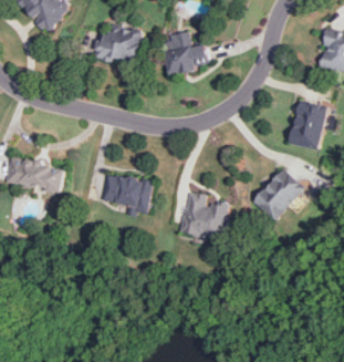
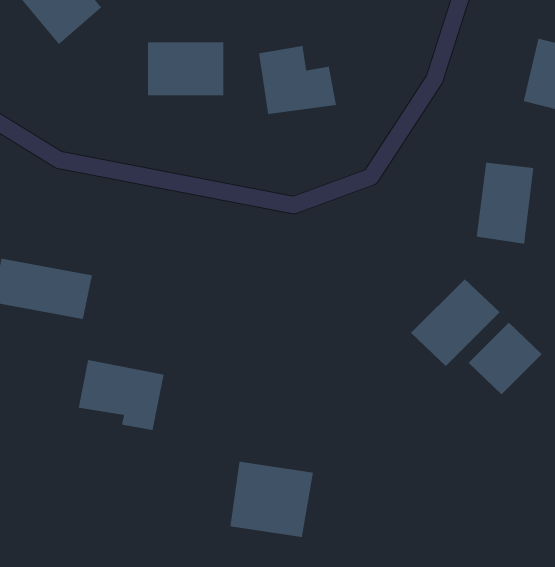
building: [102,173,153,215] -> [78,359,164,431]
building: [180,194,230,239] -> [229,461,314,538]
building: none -> [468,322,542,395]

